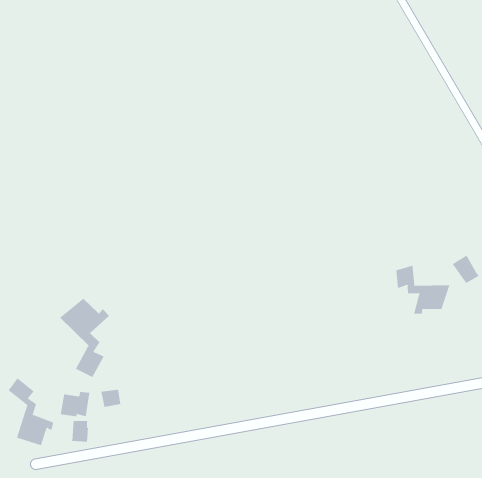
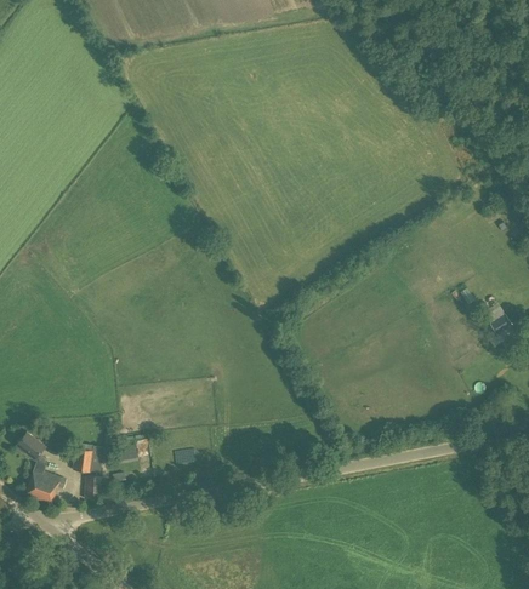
building: [396,265,450,315] -> none
building: [59,298,110,378] -> none

